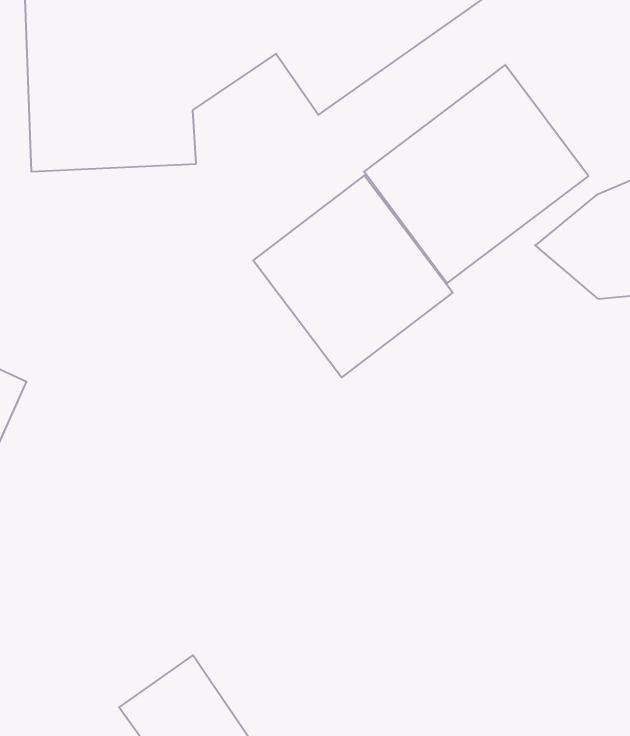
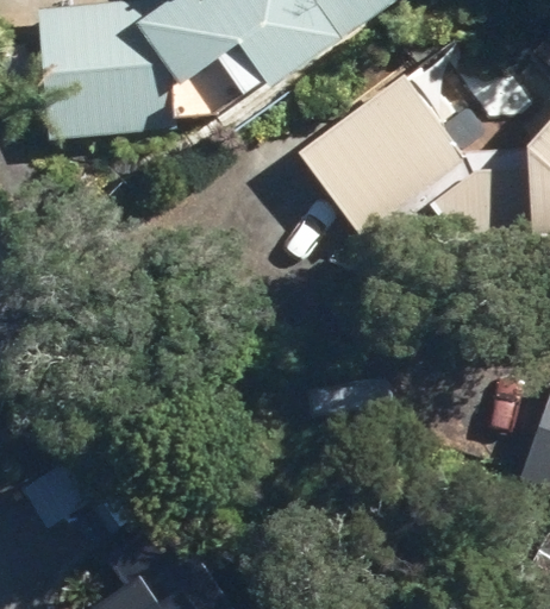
building: [253,175,453,377] -> none

